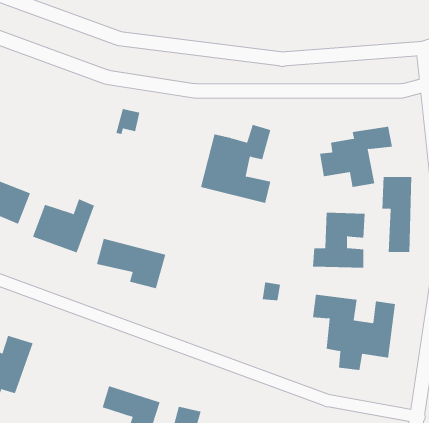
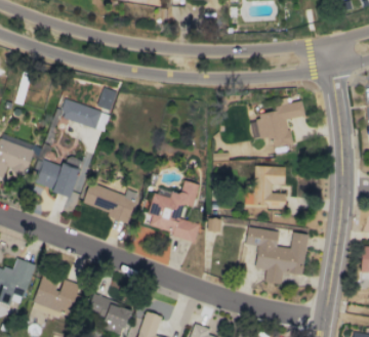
building: none -> [60,98,104,130]
building: [200,124,271,203] -> [147,180,200,240]
building: [382,176,412,253] -> none
building: none -> [33,277,80,320]

